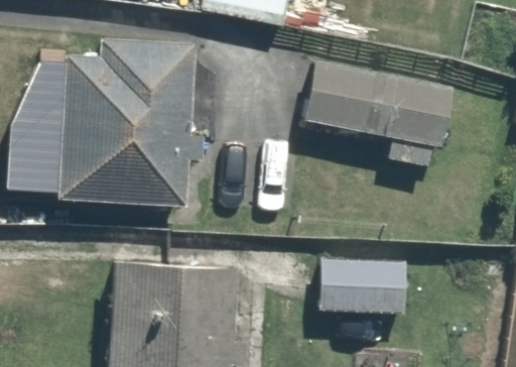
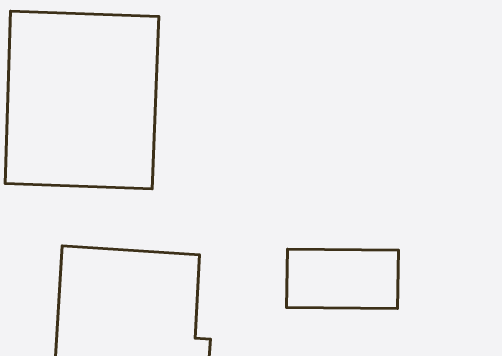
building: [301,63,449,145] -> none

